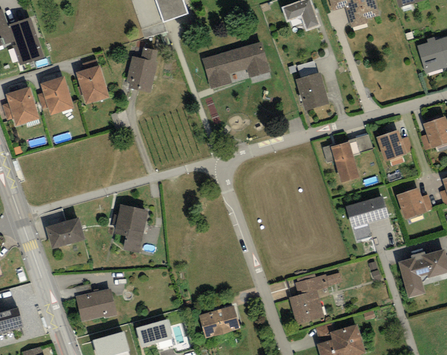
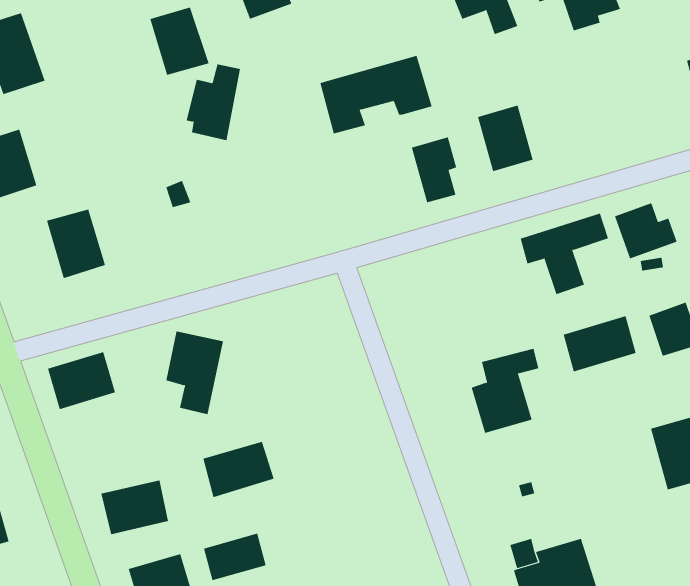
building: [76,64,111,104] -> [150,7,209,75]
building: [40,75,75,116] -> [46,209,106,279]
building: none -> [411,137,457,203]
building: [289,275,329,325] -> [471,348,539,434]
building: [199,305,241,338] -> [203,441,275,498]

